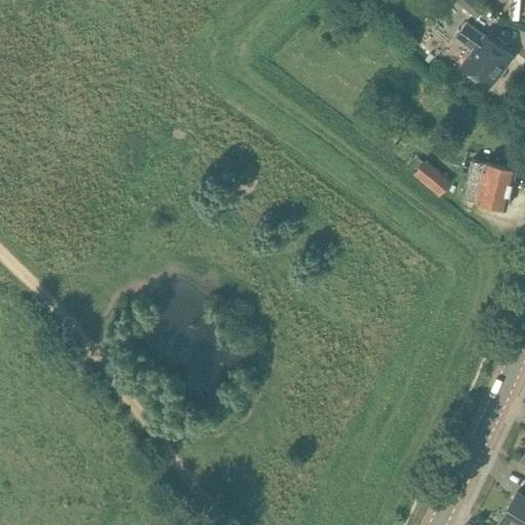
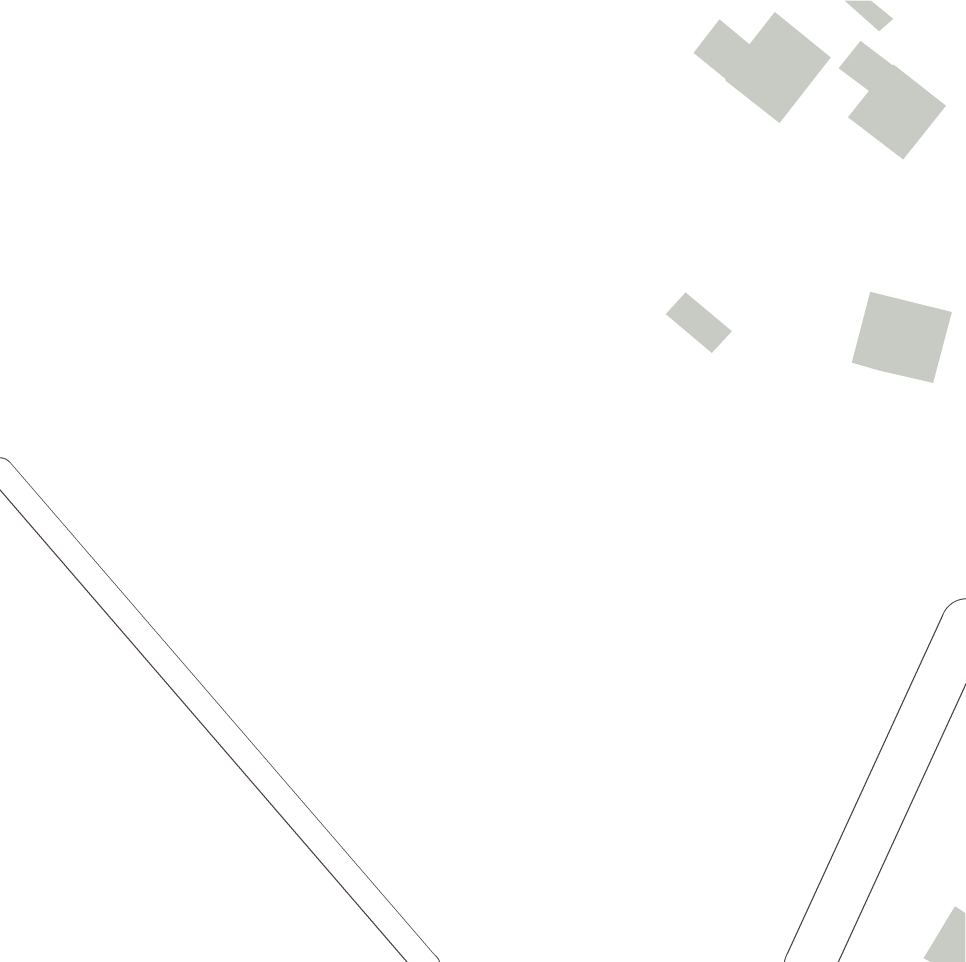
building: none -> [692,11,832,124]
building: [414,162,451,196] -> [665,292,733,354]

